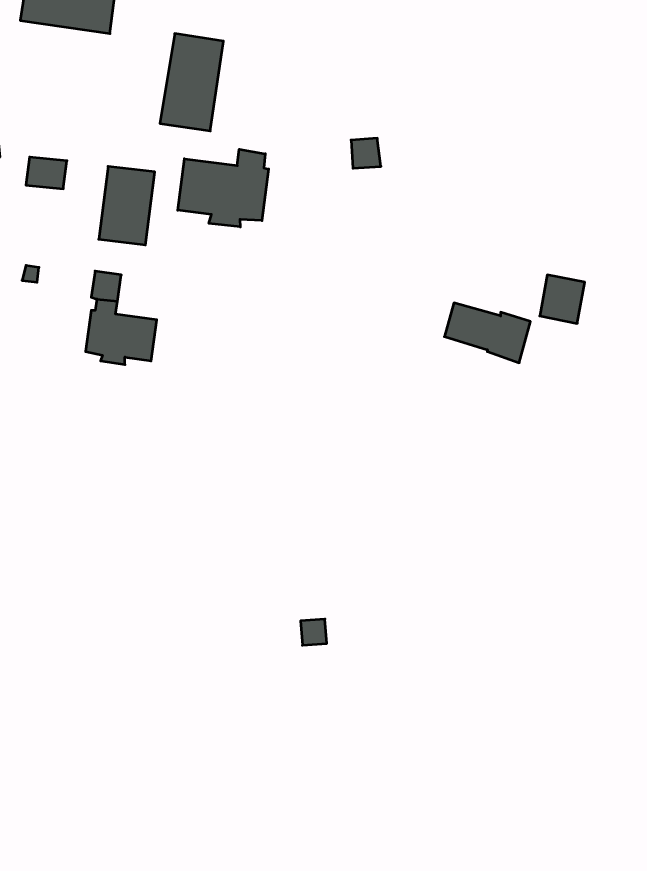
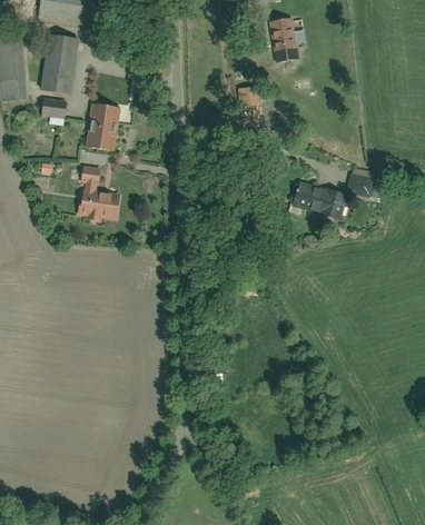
building: none -> [268,18,298,62]
building: [160,34,223,131] -> [41,34,79,92]
building: [178,149,269,227] -> none

